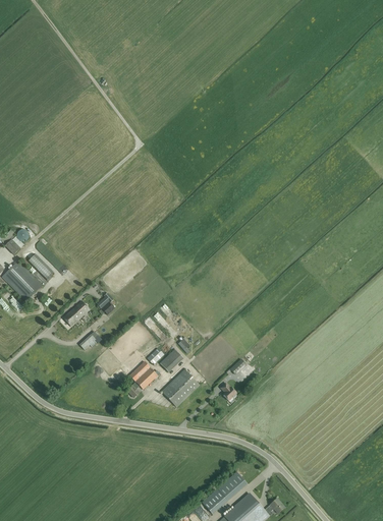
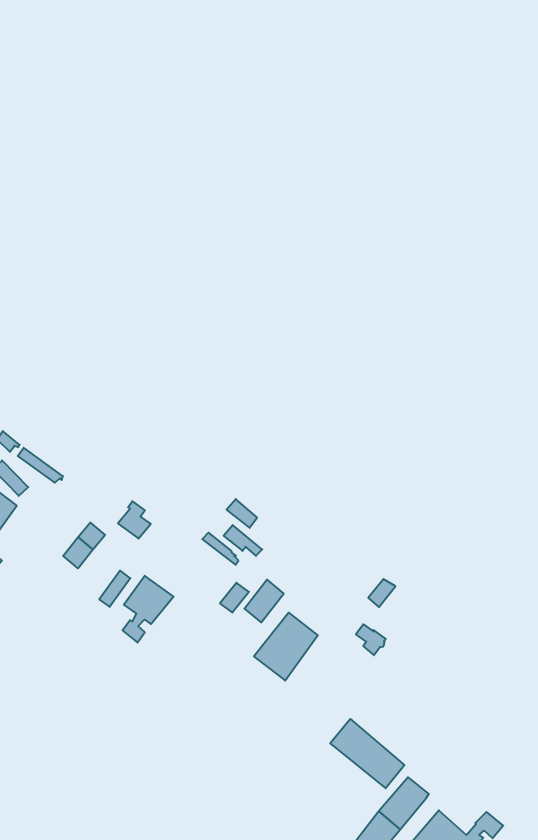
building: [126,360,158,397] -> [123,576,174,643]
building: none -> [330,719,404,788]

